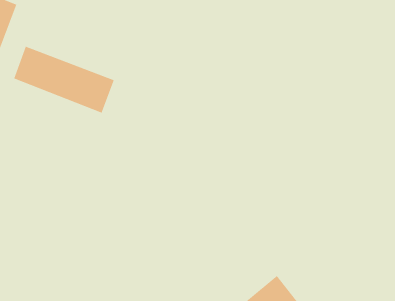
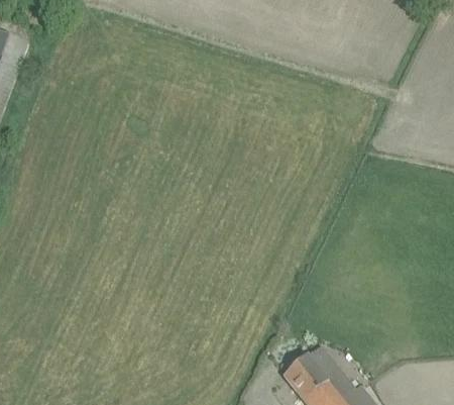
building: [14,46,114,113] -> none

